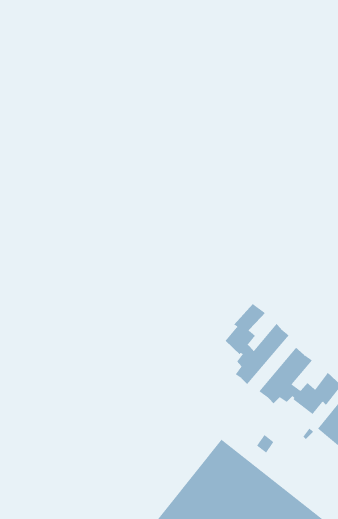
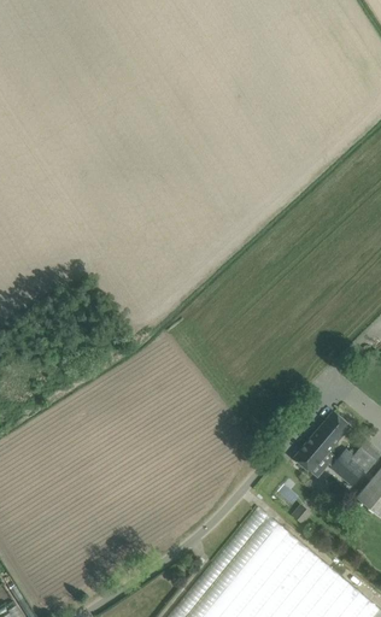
building: [225,303,289,385] -> none

